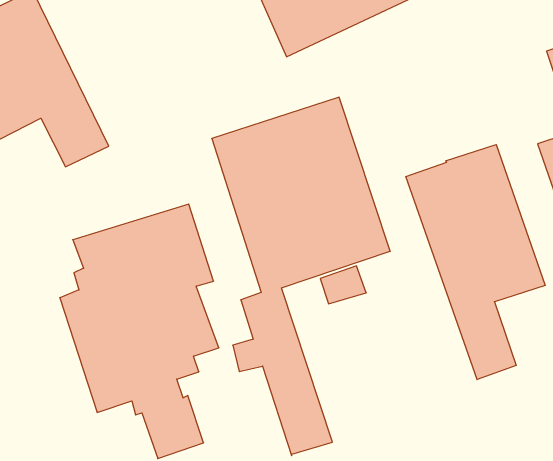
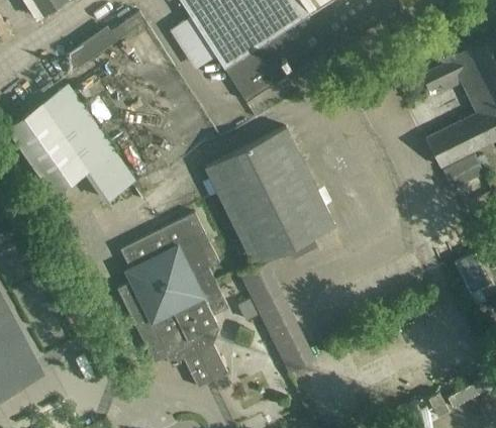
building: [406,145,545,380] -> none

